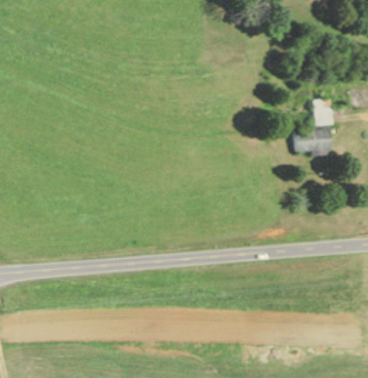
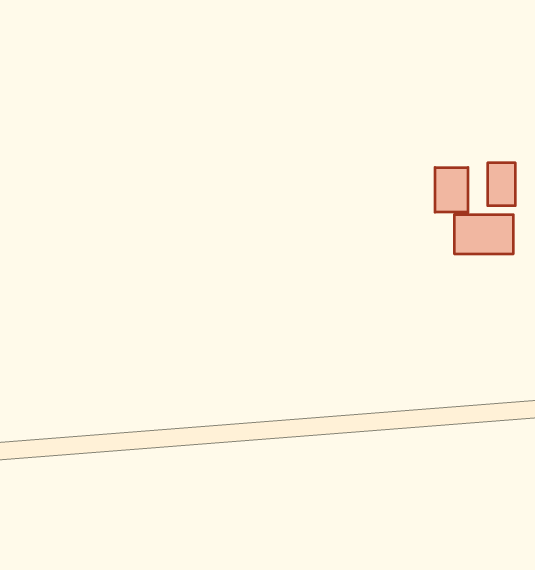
building: none -> [435,167,468,212]

